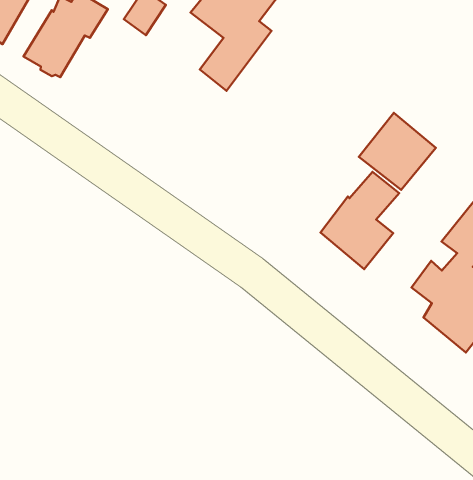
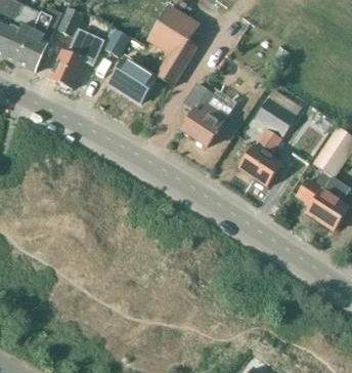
building: none -> [108,57,157,103]
building: none -> [181,82,236,147]

